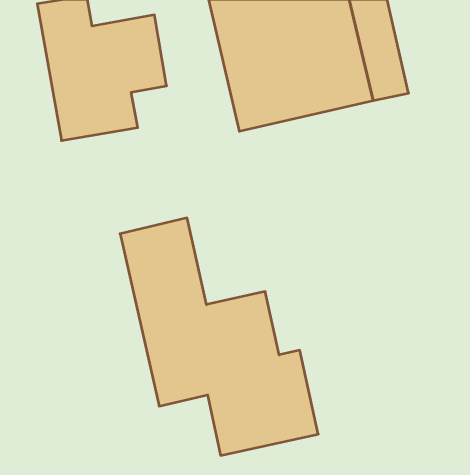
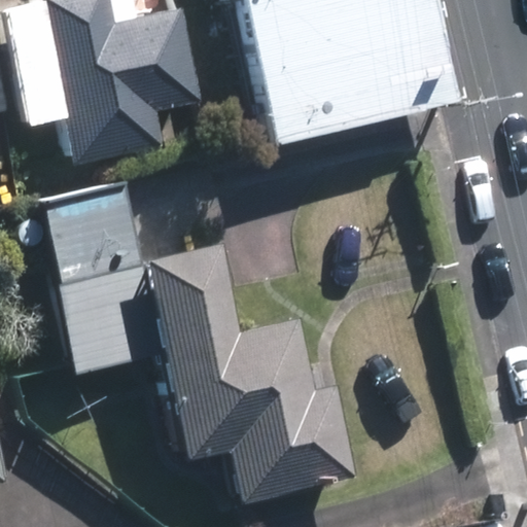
building: none -> [43,180,150,365]

